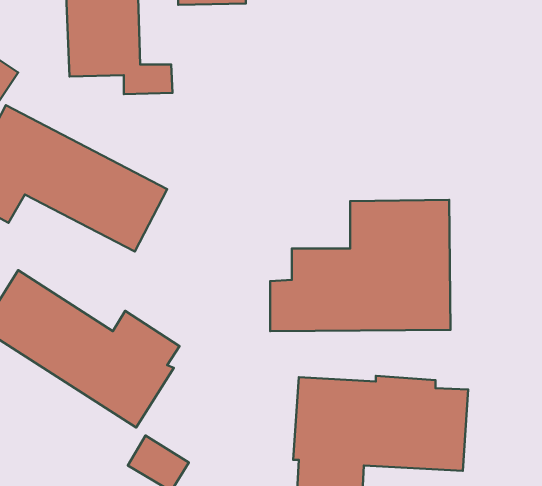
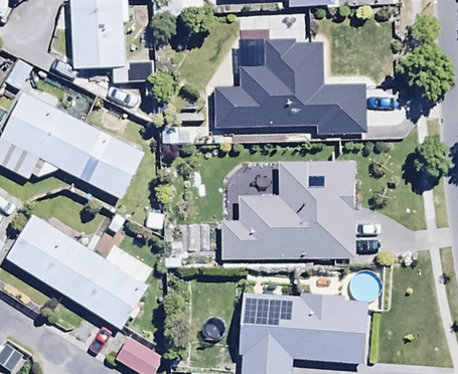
building: none -> [213,41,364,135]

